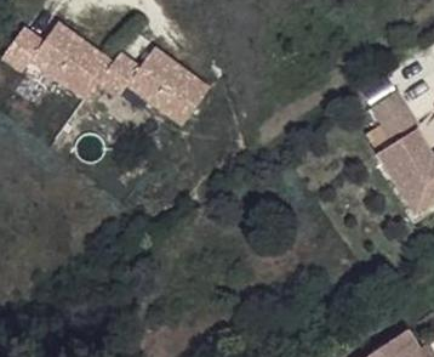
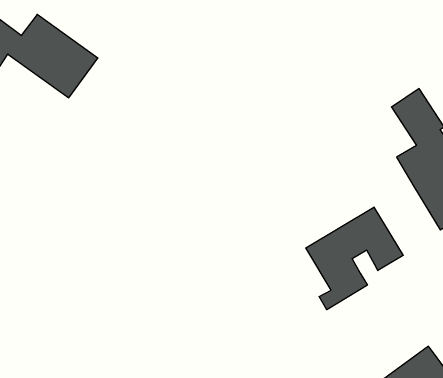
building: [87,44,199,120] -> none
building: none -> [306,207,403,310]

